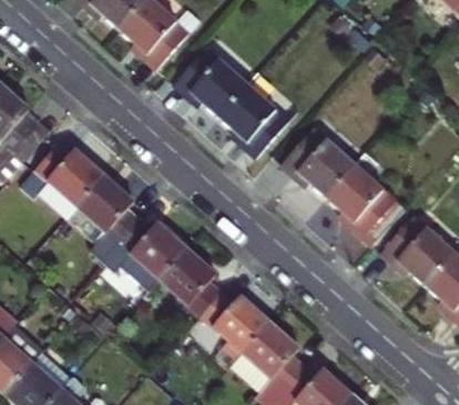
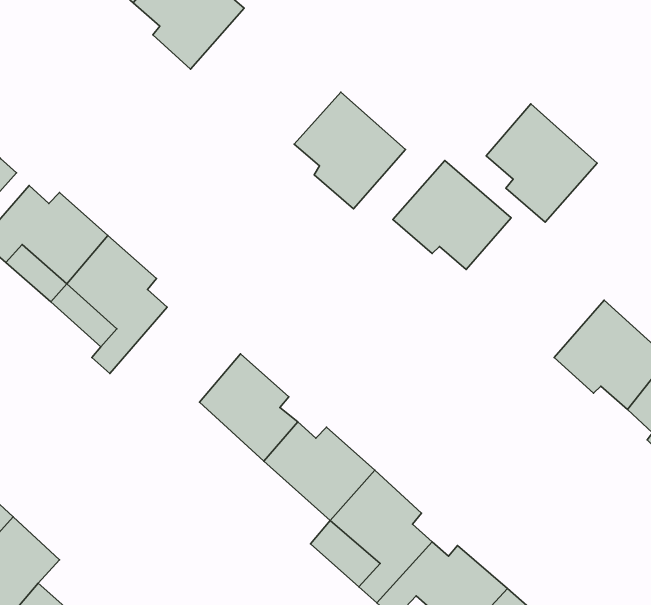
building: [175,49,249,119] -> none
building: [327,164,396,237] -> [486,104,597,222]
building: [106,220,187,290] -> none

